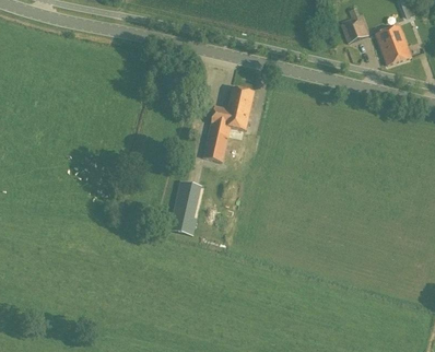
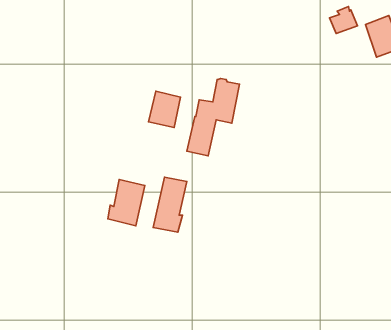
building: none -> [148,91,180,128]
building: none -> [108,179,145,226]

